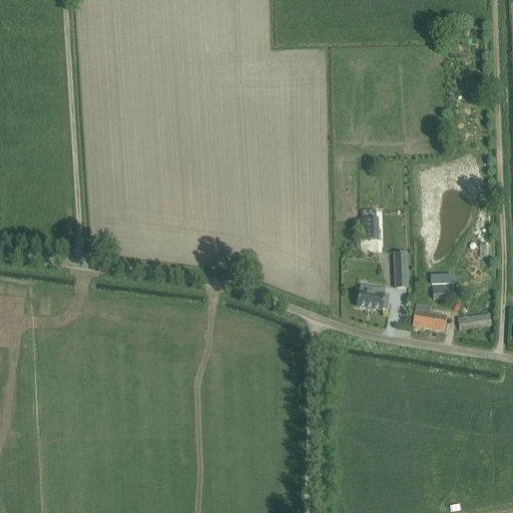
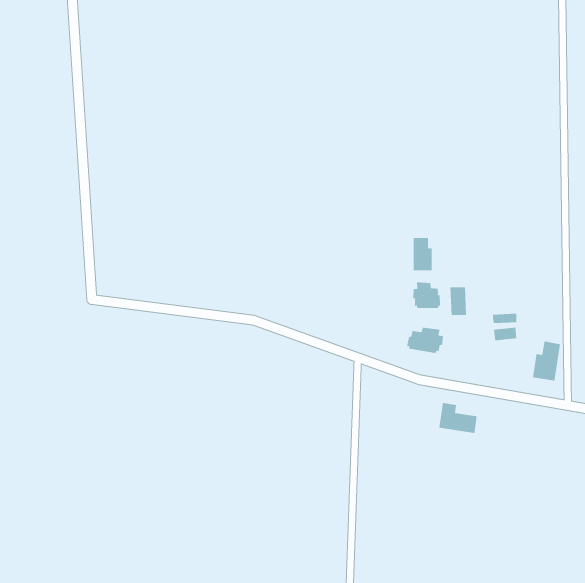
building: none -> [413,282,441,309]
building: [412,303,446,330] -> [439,402,478,433]

